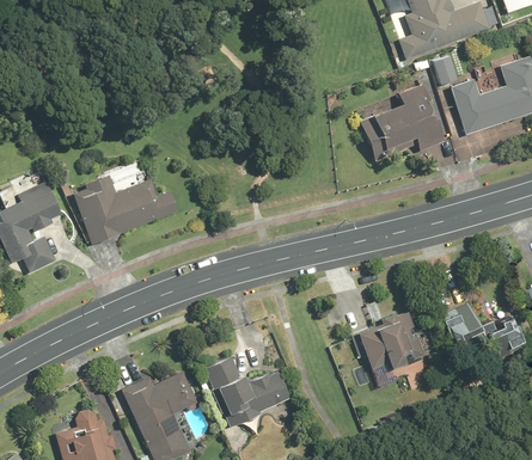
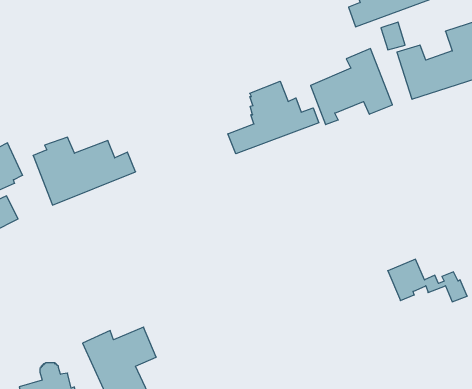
building: none -> [228,81,319,154]
building: [351,309,424,367] -> none
building: [207,355,293,427] -> none

